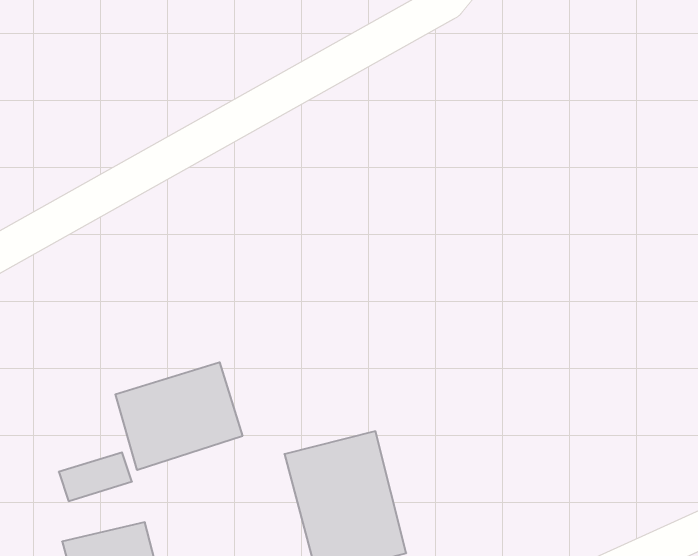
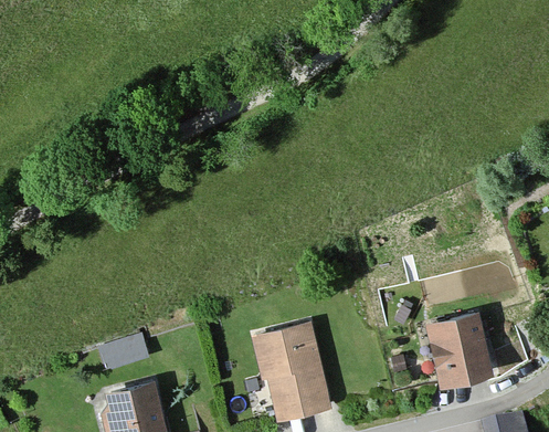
building: [115,362,242,470] -> none
building: none -> [426,312,494,382]

